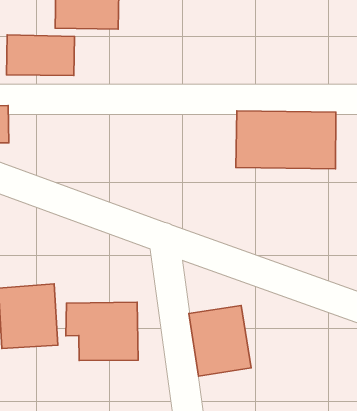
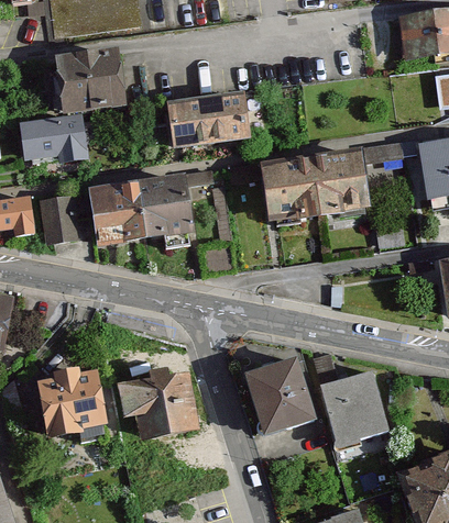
building: none -> [164,91,254,146]
building: none -> [88,175,193,246]
building: none -> [40,193,79,243]
building: none -> [320,370,387,446]

